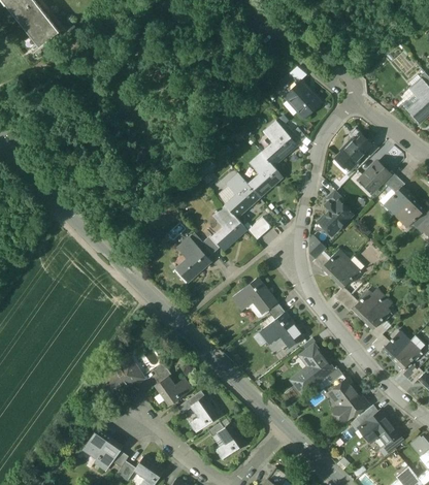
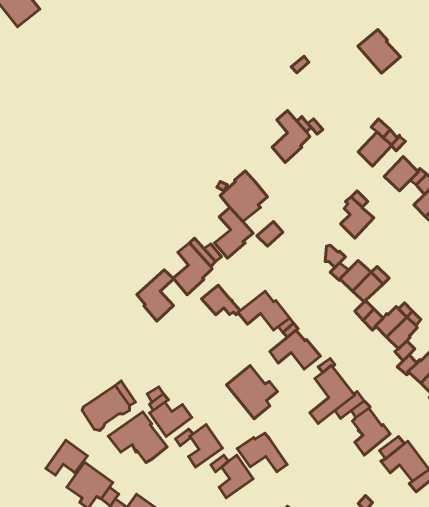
building: [284,80,321,119] -> [358,30,400,73]
building: [248,153,282,197] -> none
building: none -> [137,270,174,321]
building: none -> [202,285,240,315]
building: none -> [227,365,278,419]
building: none -> [108,412,167,463]
building: none -> [237,433,287,472]
building: none -> [46,440,87,475]

